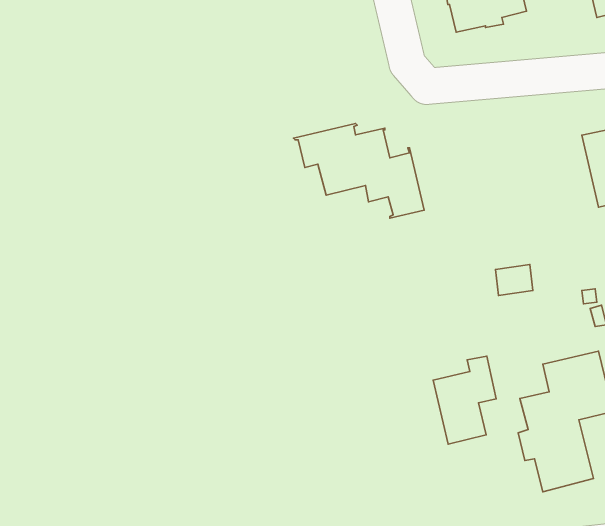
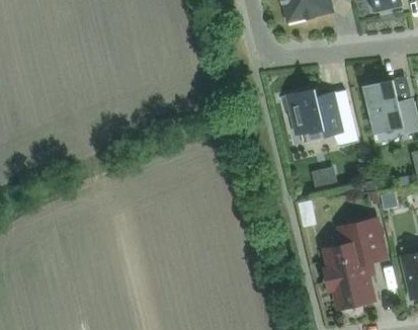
building: [293,123,424,218] -> [278,88,359,147]
building: [433,356,496,444] -> none

